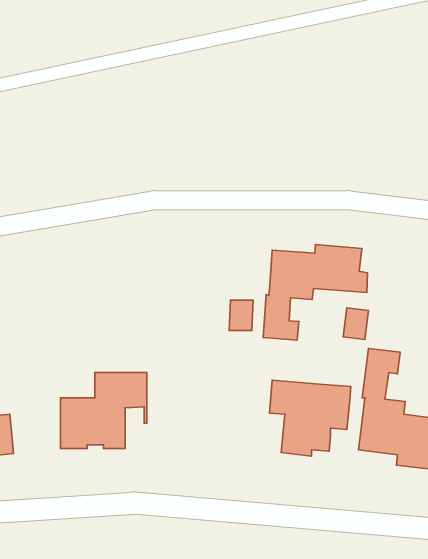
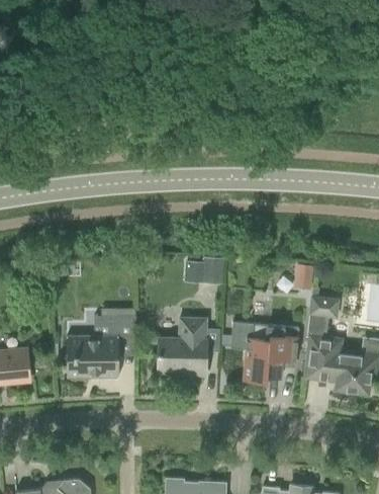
building: [263,245,367,340] -> none
building: none -> [158,318,206,376]

